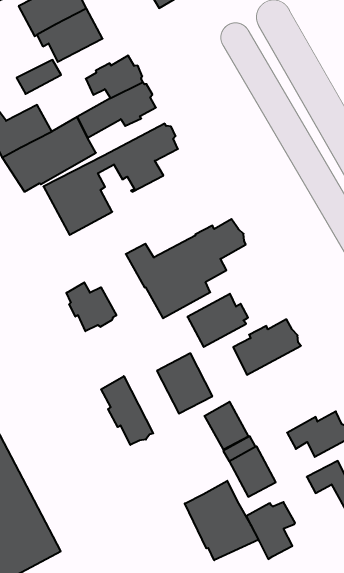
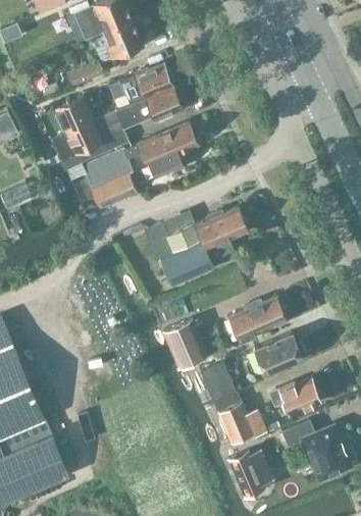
building: [66,282,116,331] -> none
building: [187,294,248,347] -> [254,332,305,375]
building: [101,376,153,445] -> none
building: [185,481,258,560] -> none

